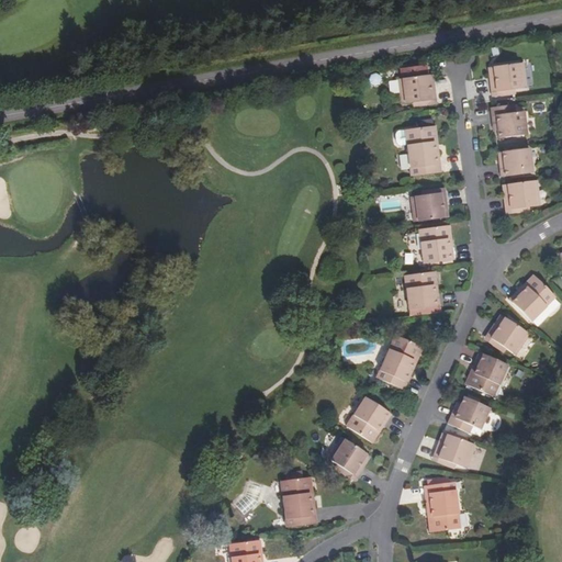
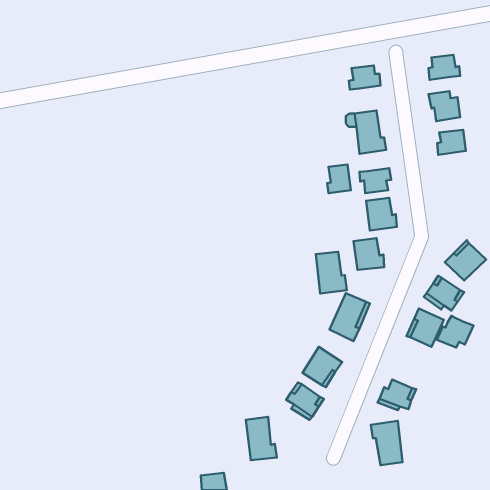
building: [504,181,541,209] -> none
building: none -> [327,164,351,193]
building: none -> [316,252,347,294]
building: [449,396,491,432] -> [437,316,473,348]

